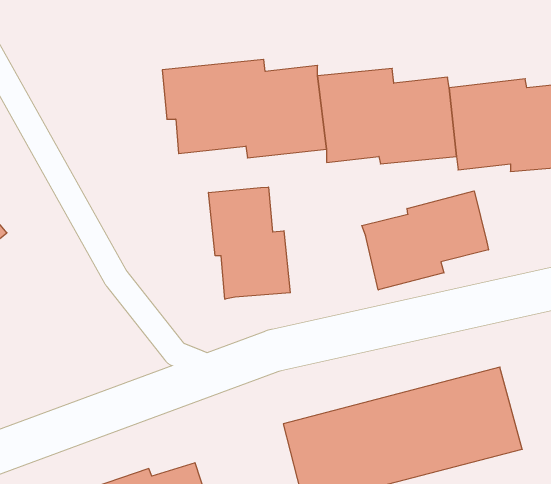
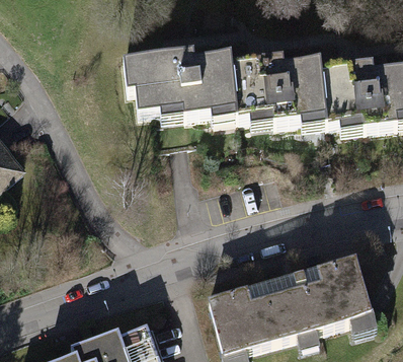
building: [209,187,290,299] -> none
building: [362,191,488,290] -> none

